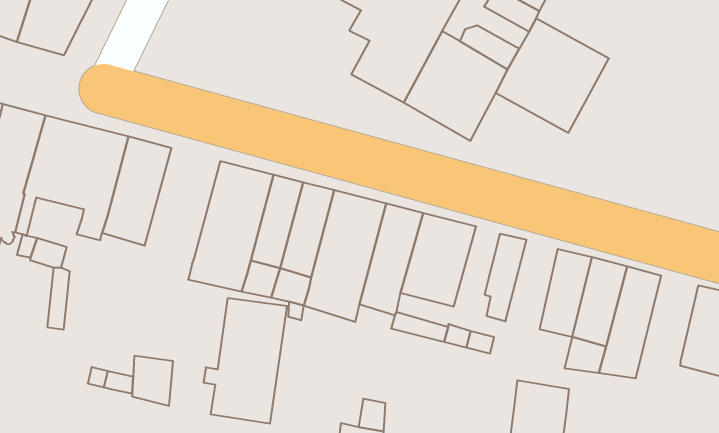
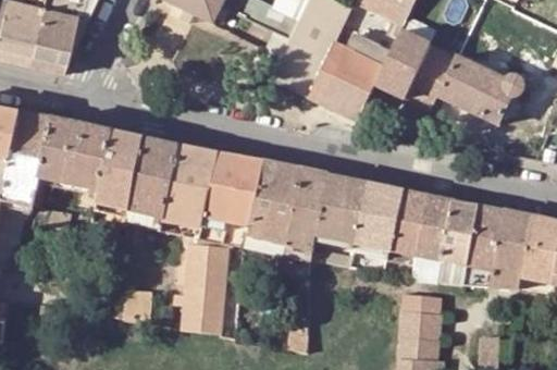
building: none -> [437,53,524,121]
building: none -> [126,136,178,226]
building: none -> [354,181,384,245]
building: none -> [392,188,426,252]
building: none -> [488,209,530,286]

